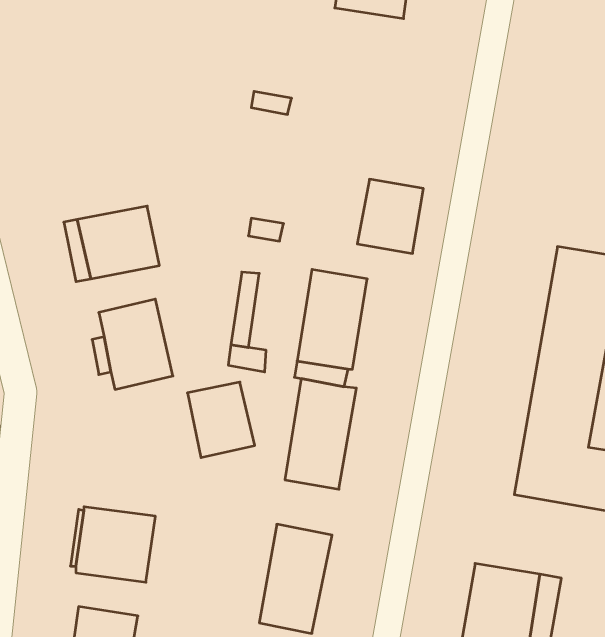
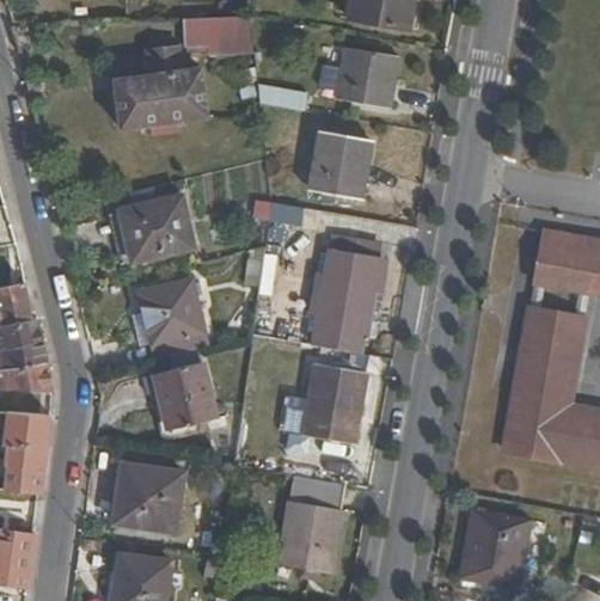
building: none -> [184,18,250,48]
building: none -> [112,47,203,125]
building: none -> [337,51,394,108]
building: [357,179,423,253] -> [311,135,369,201]
building: [187,382,255,458] -> [153,362,213,429]

